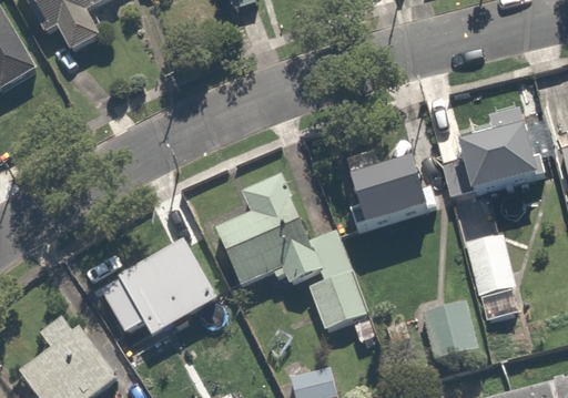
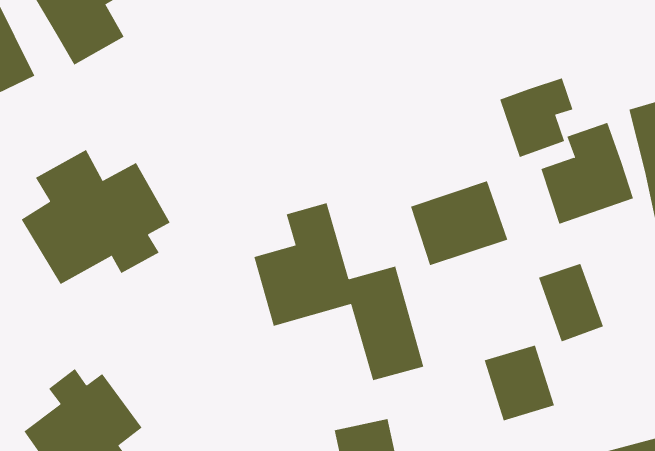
building: none -> [500,77,573,158]
building: none -> [21,149,170,285]
building: [102,236,234,346] -> none

